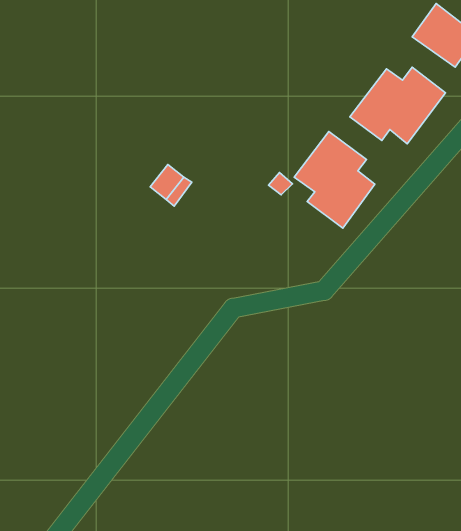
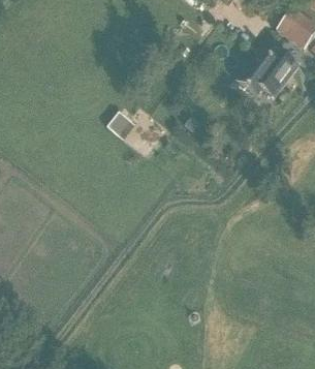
building: [294,131,375,228] -> none

